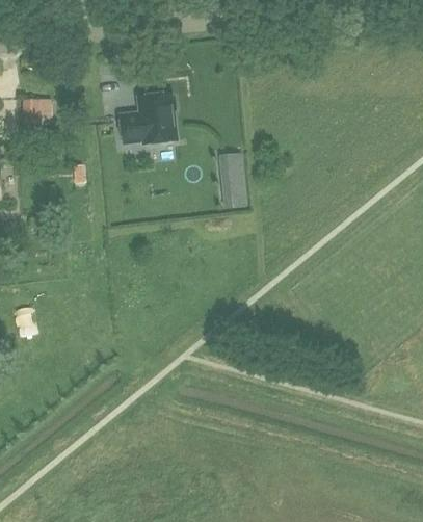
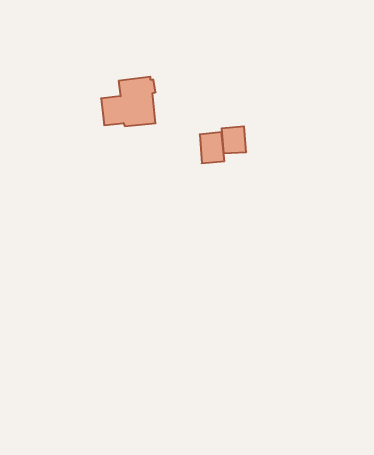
building: [22,100,49,125] -> none
building: [220,180,245,207] -> [222,126,246,153]

